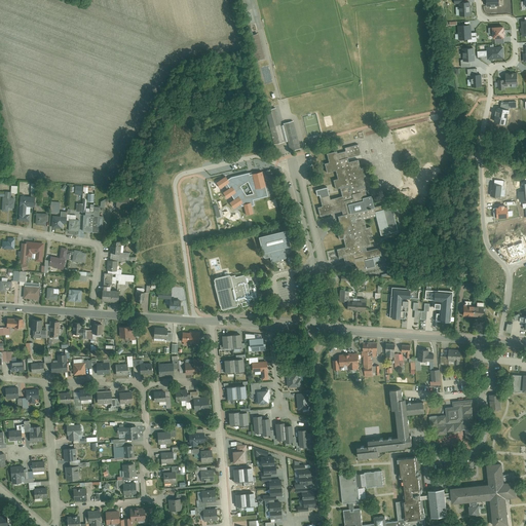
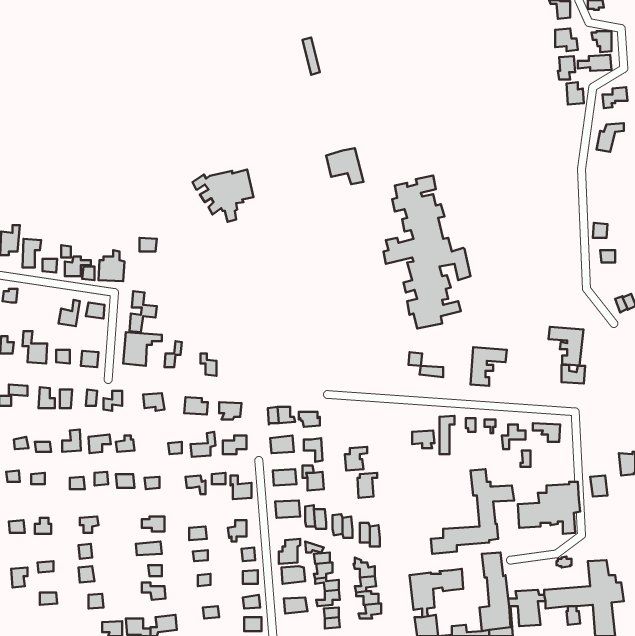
building: [217,172,267,215] -> [192,170,253,222]
building: [258,230,291,265] -> none
building: [20,242,43,271] -> none
building: [213,274,250,309] -> none
building: [423,290,452,322] -> [548,327,583,365]

